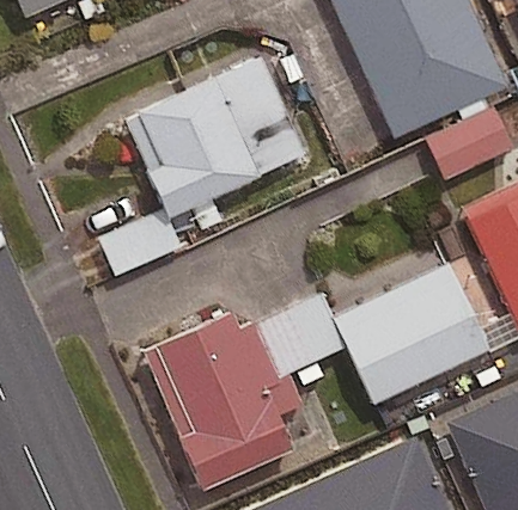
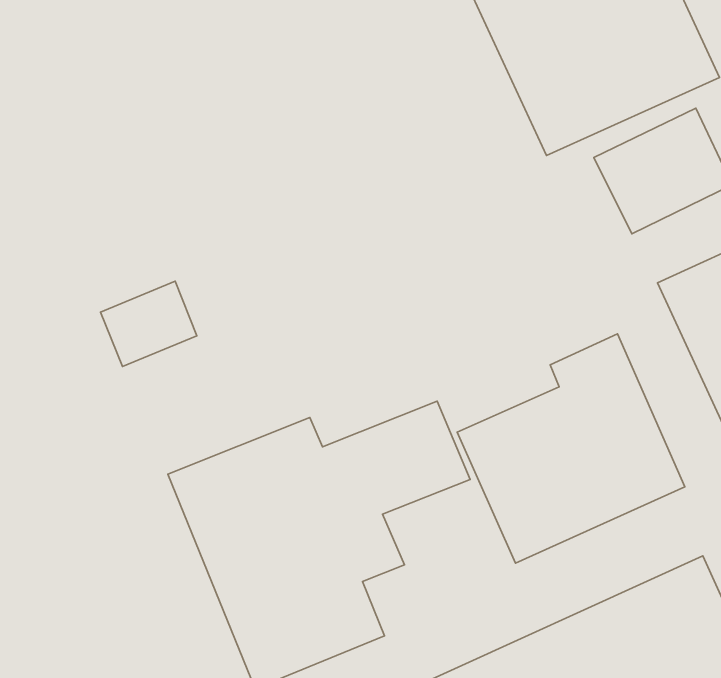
building: [123,55,307,215] -> none

